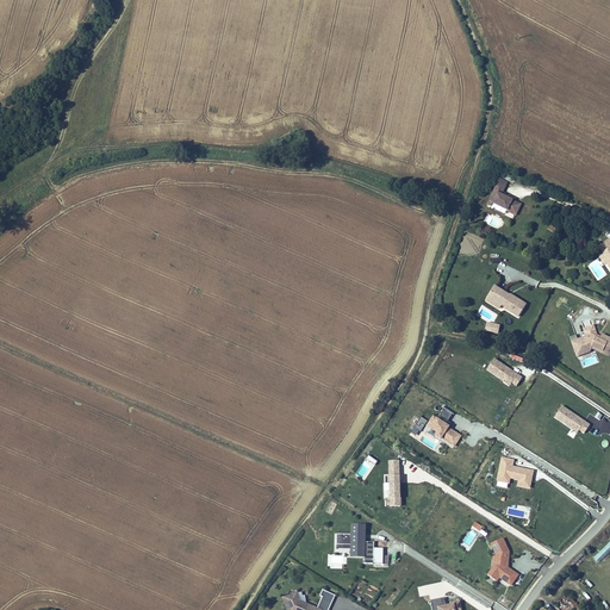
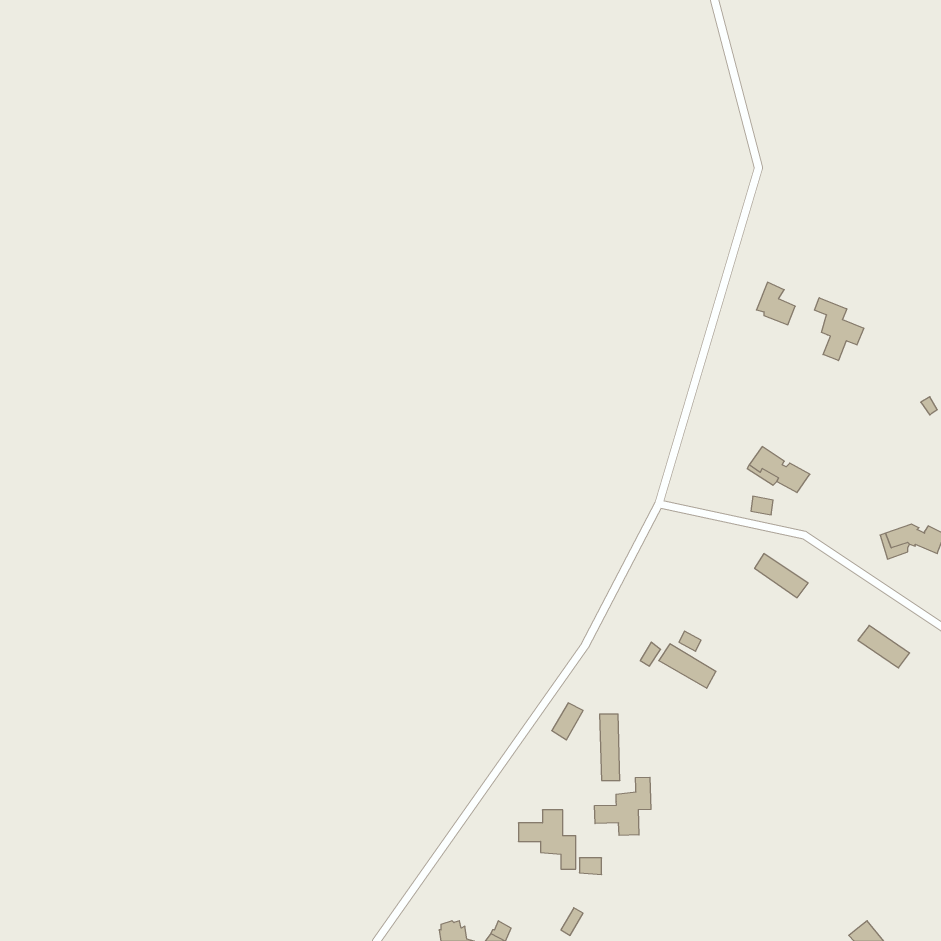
building: none -> [814,298,864,361]
building: [498,456,535,485] -> none
building: none -> [595,777,651,835]
building: [488,536,519,584] -> none

